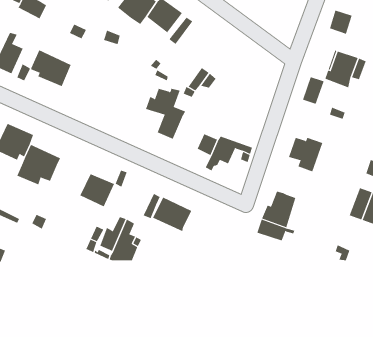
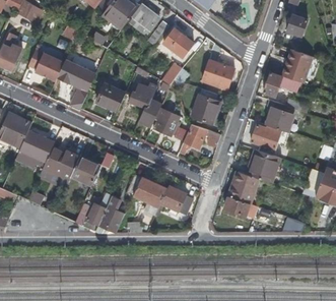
building: none -> [163,29,193,57]
building: none -> [57,60,95,109]
building: none -> [202,60,233,89]
building: none -> [96,83,125,112]
building: none -> [192,89,218,123]
building: none -> [265,99,292,132]
building: none -> [154,108,180,135]
building: none -> [43,147,79,179]
building: none -> [250,149,280,182]
building: none -> [160,186,193,213]

